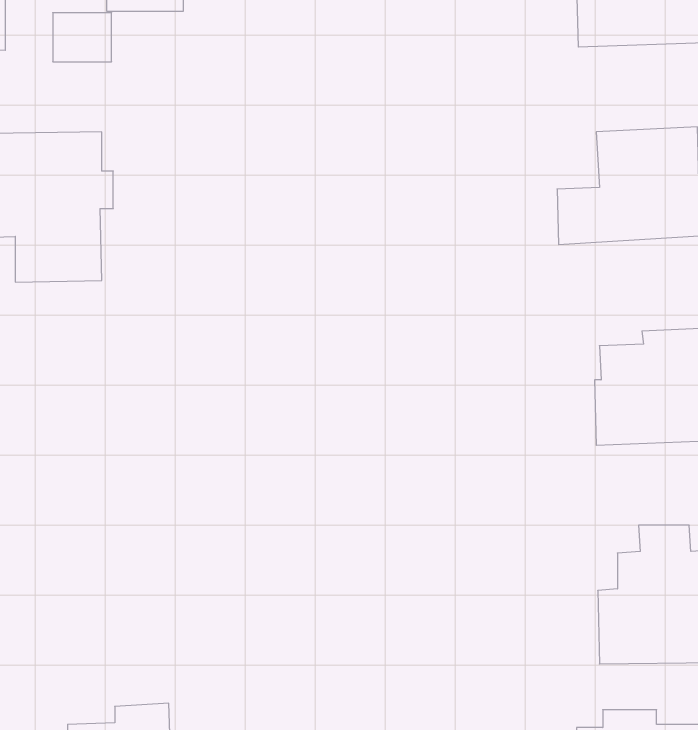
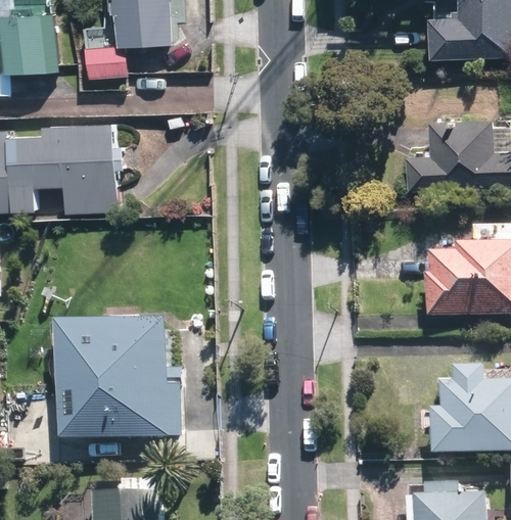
building: none -> [62,317,183,436]

